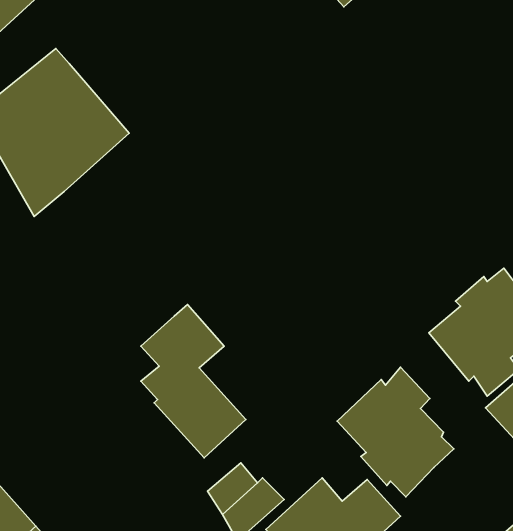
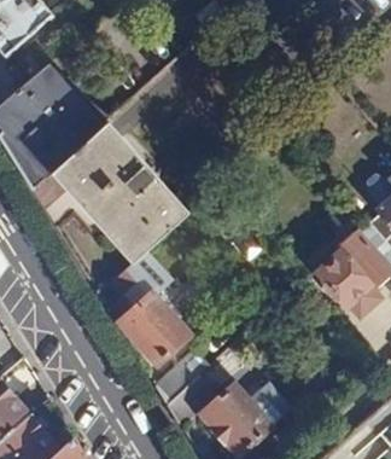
building: none -> [52,120,188,260]
building: [337,367,454,497] -> none

